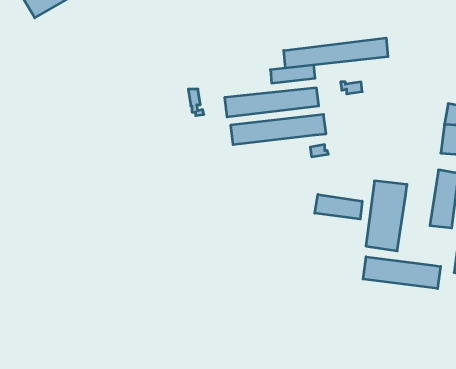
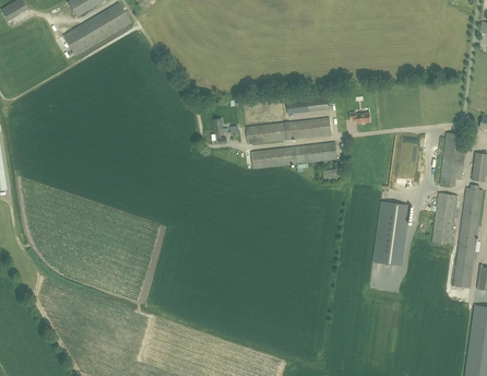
building: [284,38,388,68] -> none
building: [315,194,362,219] -> none
building: [363,257,441,289] -> none

